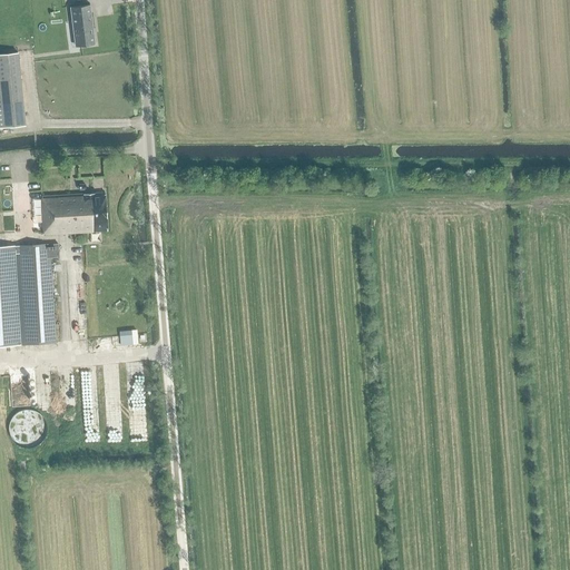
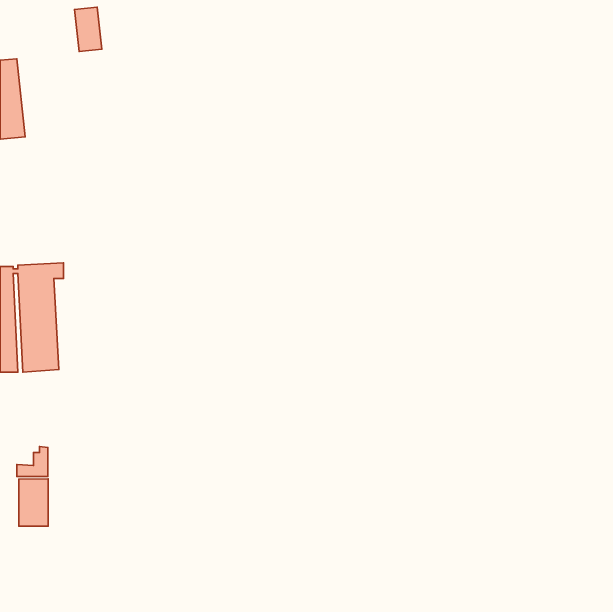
building: [39,191,105,233] -> none
building: none -> [19,479,48,526]

